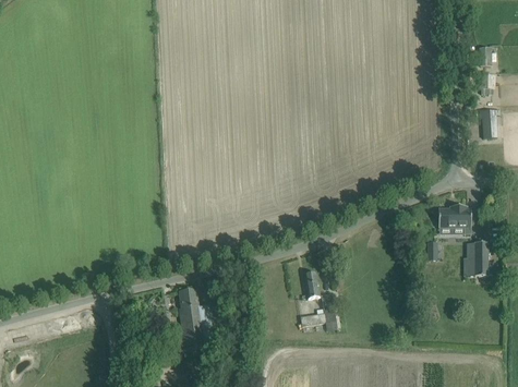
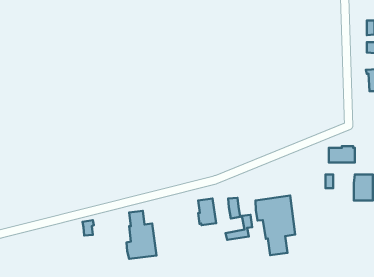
building: none -> [255,196,295,255]
building: none -> [198,199,216,225]

